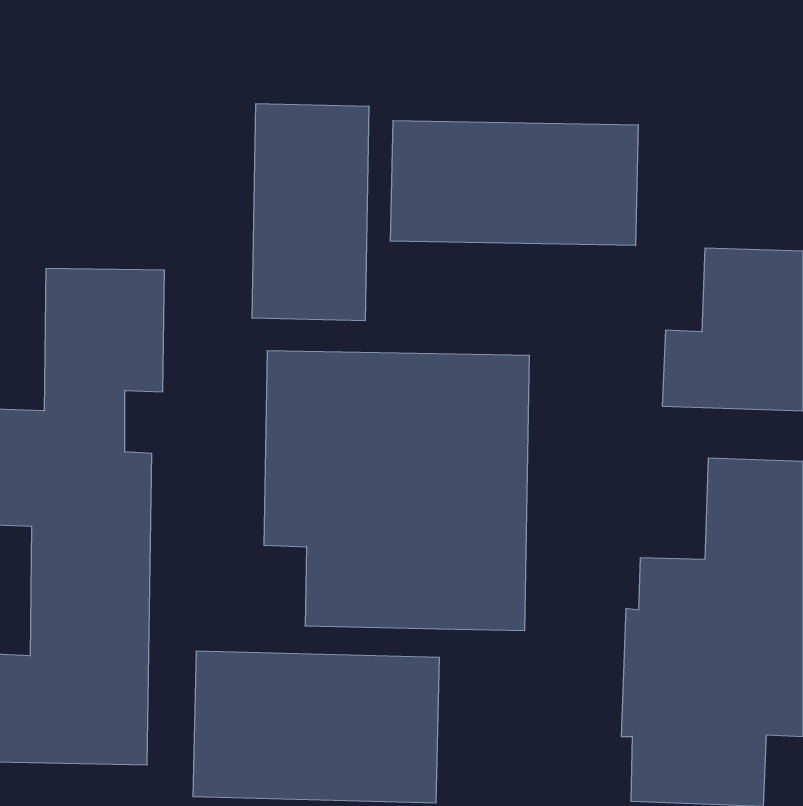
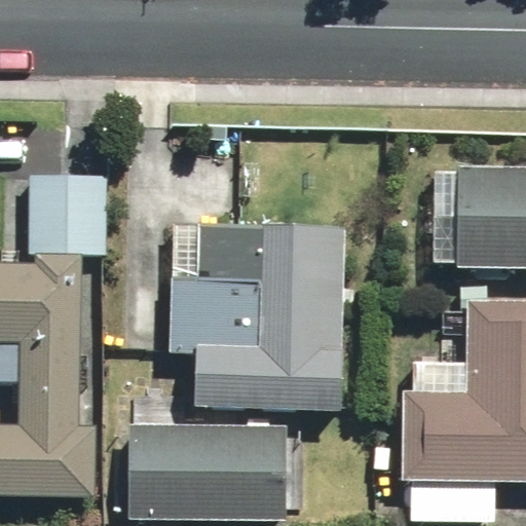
building: [252,104,369,321] -> none
building: [390,120,638,246] -> none

